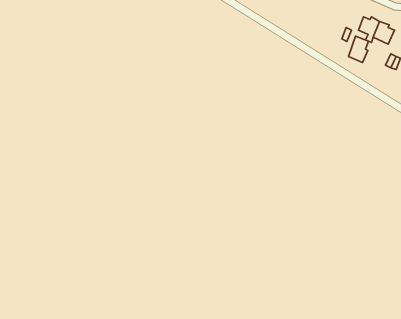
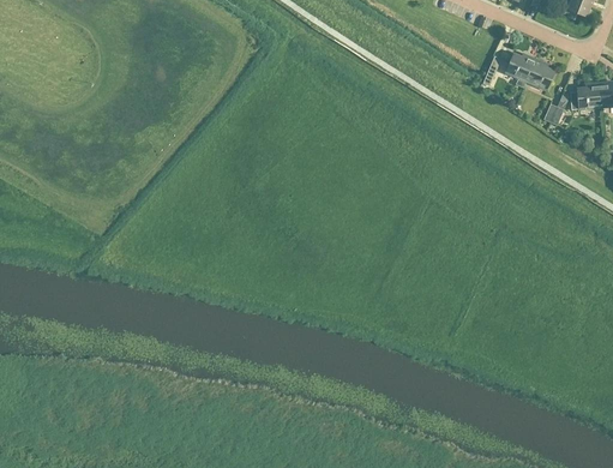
building: [348,36,369,63] -> none

